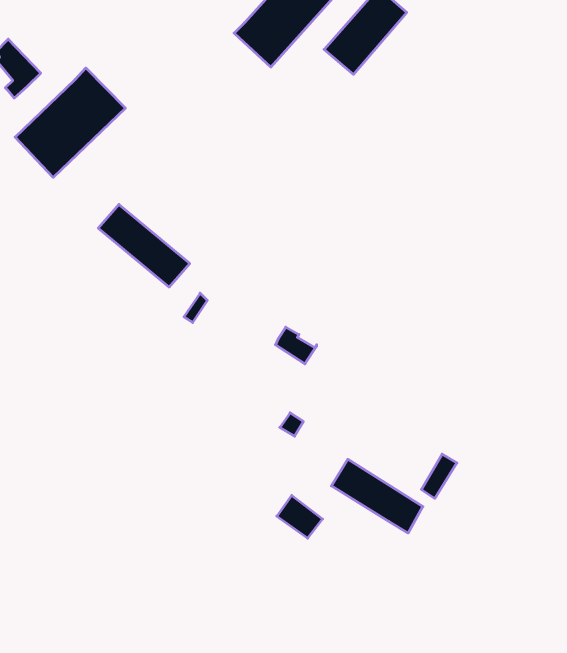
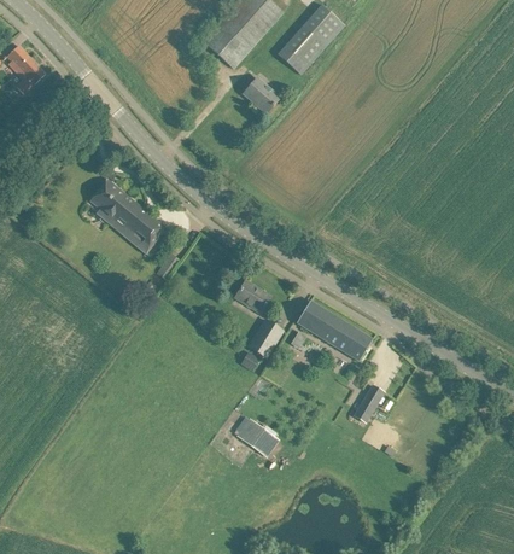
building: [15,68,125,177] -> none
building: none -> [243,78,279,113]
building: none -> [247,319,282,357]
building: [331,459,423,533] -> [296,301,370,361]

